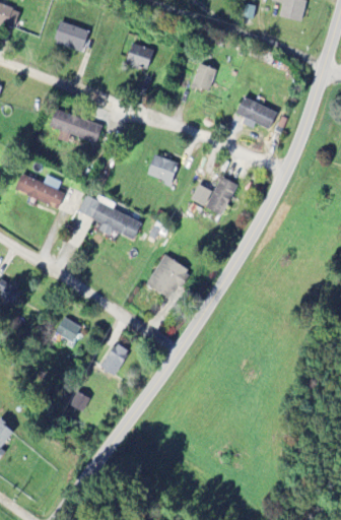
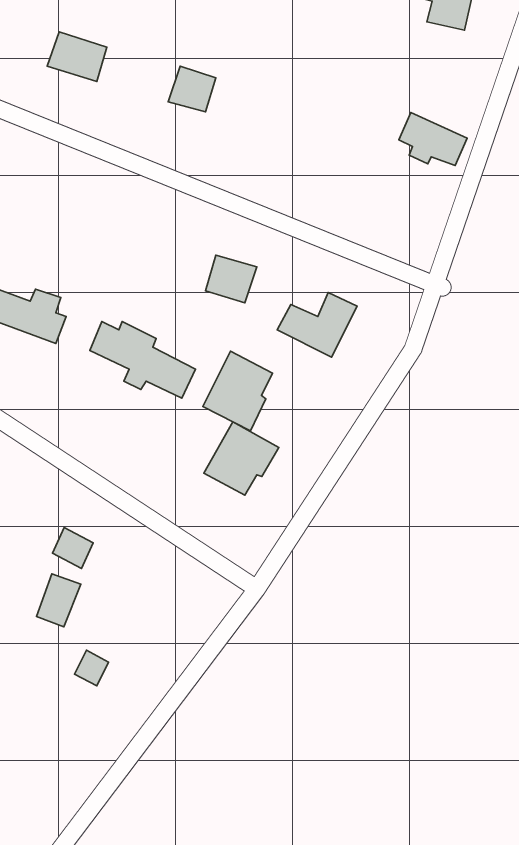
building: [192,63,216,91] -> none
building: [236,96,277,128] -> [399,113,467,165]
building: [50,110,103,142] -> none
building: none -> [203,351,272,431]
building: [101,343,128,375] -> [37,574,81,627]

